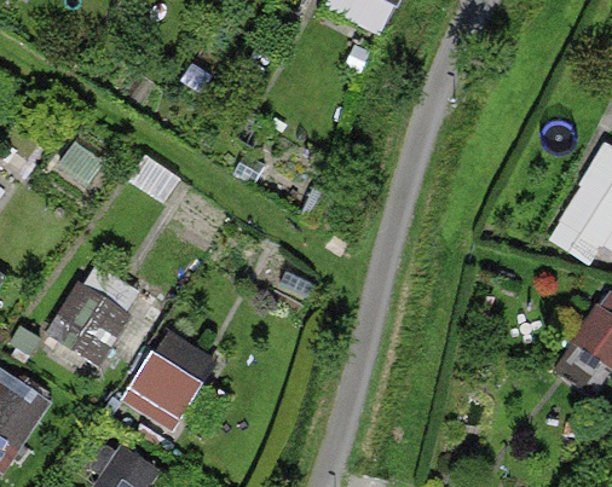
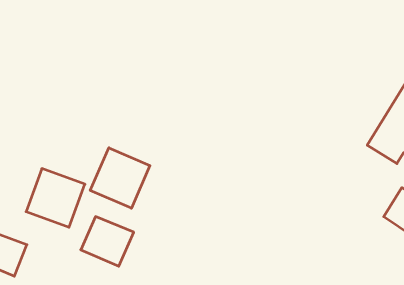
building: none -> [90,148,150,208]

